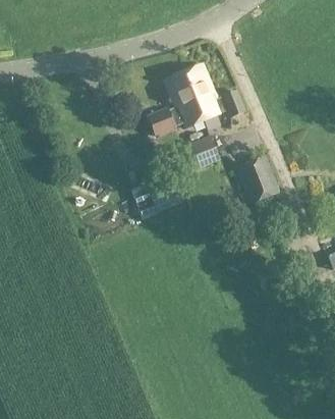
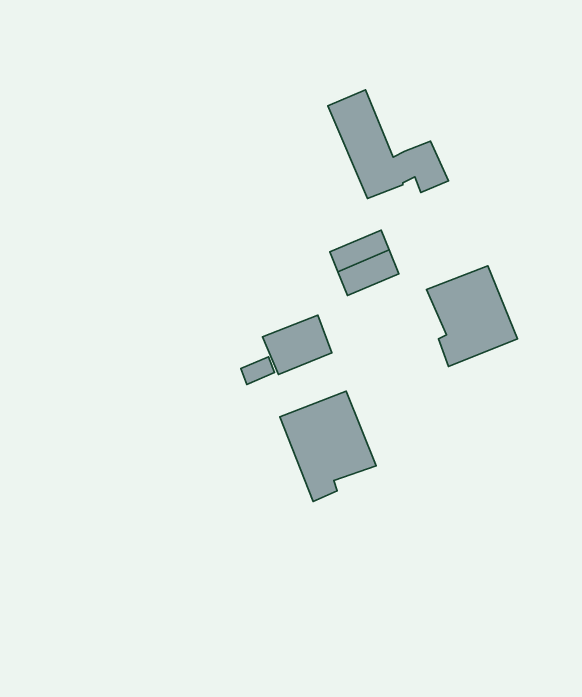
building: [150,72,205,136] -> none
building: none -> [280,391,376,502]

